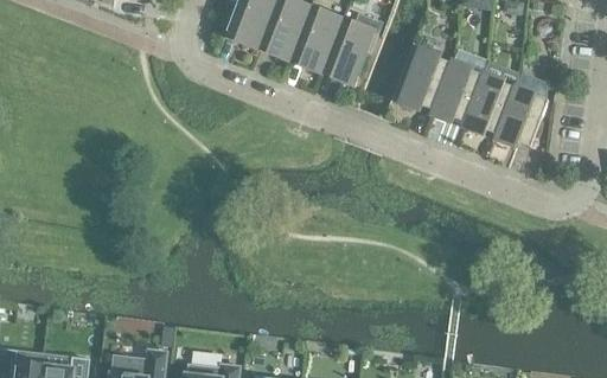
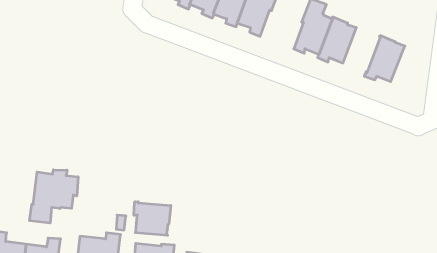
building: [462,59,519,134] -> none
building: none -> [30,170,78,223]
building: none -> [134,202,171,235]

